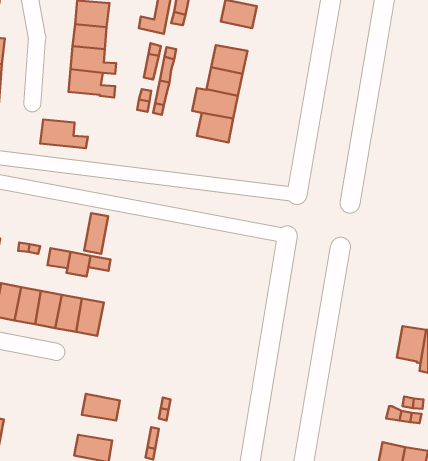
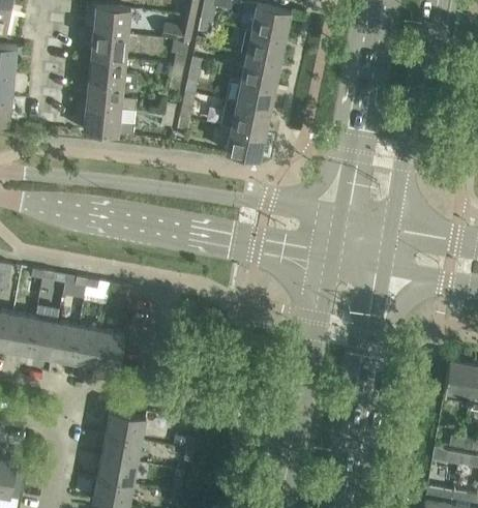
building: none -> [241,30,286,62]
building: [40,120,88,148] -> [83,107,135,138]
building: [84,213,108,254] -> none
building: none -> [104,412,146,442]
building: none -> [96,457,138,485]

